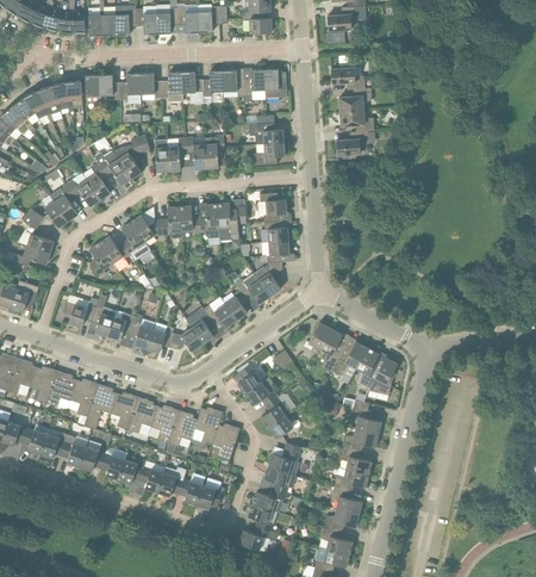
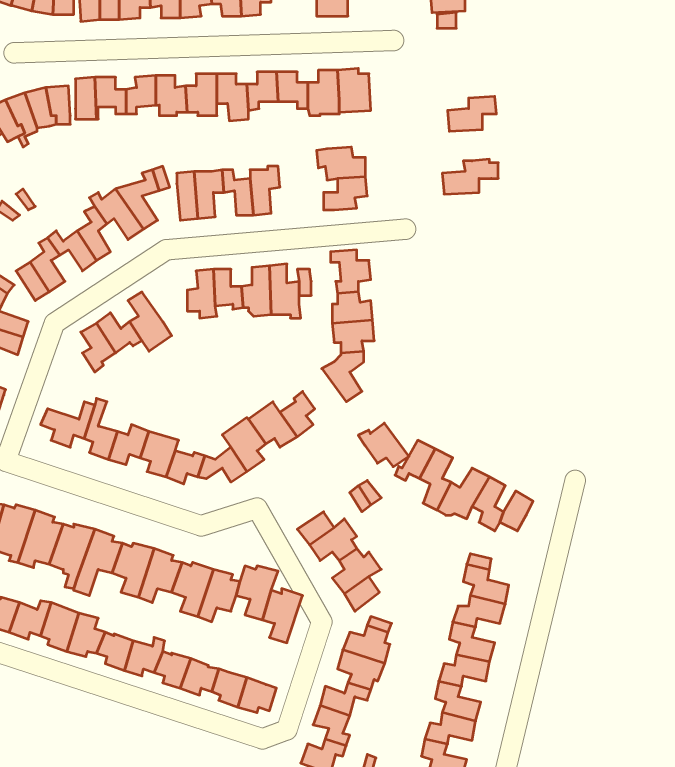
building: [331,67,372,89] -> none
building: [341,110,374,131] -> none
building: [131,211,162,241] -> none
building: [236,273,270,303] -> [358,423,409,467]

